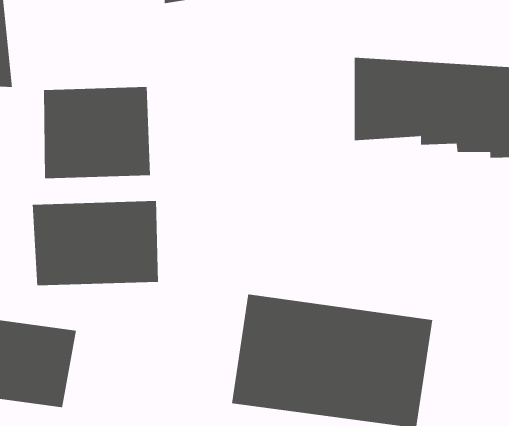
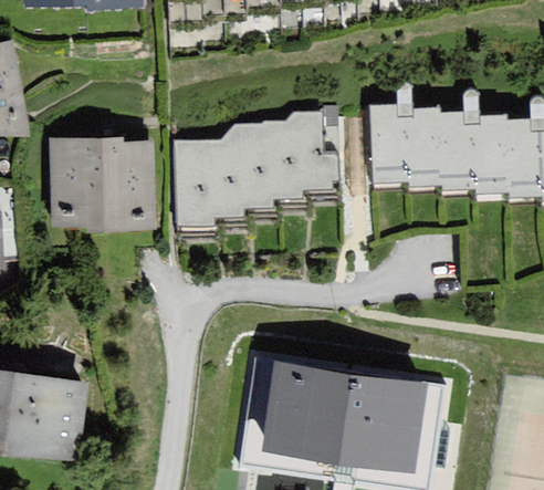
building: none -> [175,113,342,238]
building: [32,200,158,286] -> none

